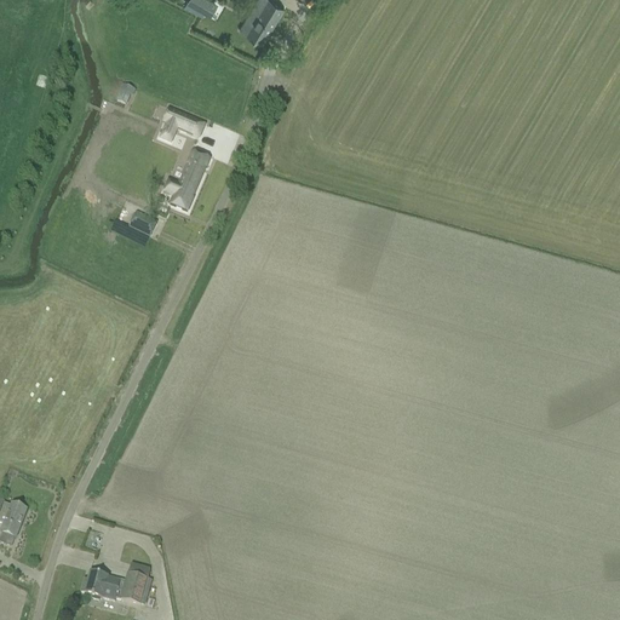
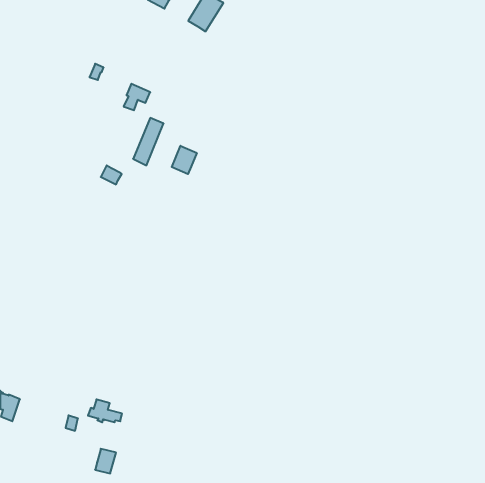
building: none -> [172,146,197,174]
building: [81,570,125,599] -> [88,399,122,422]

